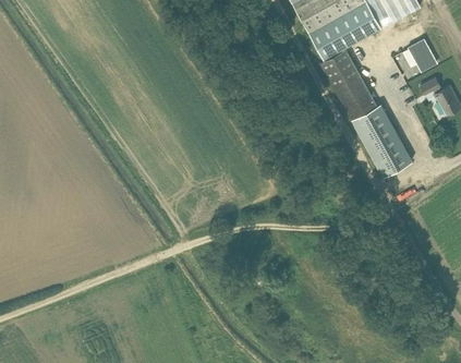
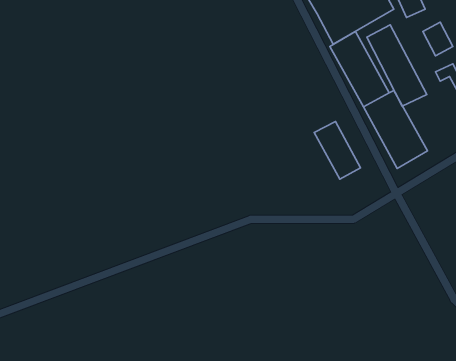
building: none -> [367,25,427,106]
building: none -> [314,122,360,179]

